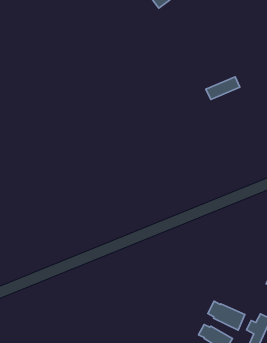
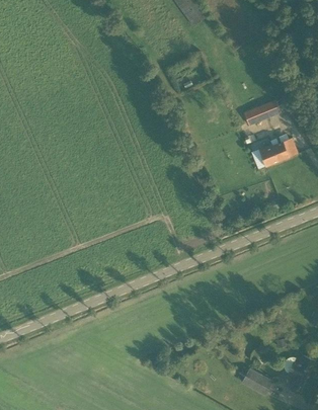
building: none -> [257,138,296,166]
building: [208,301,245,330] -> none

